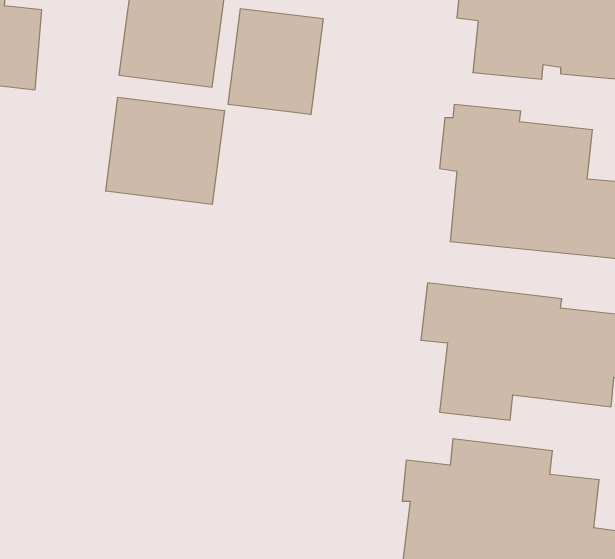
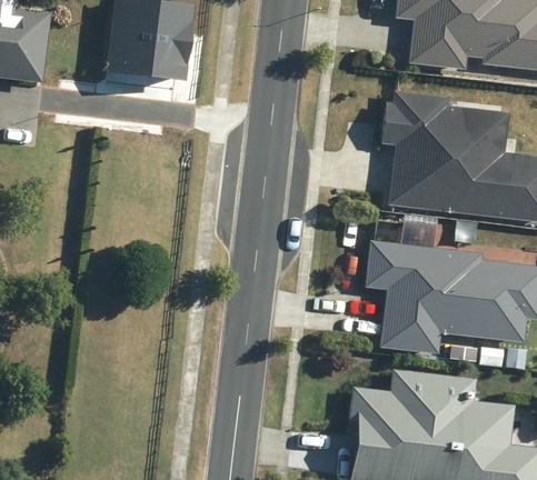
building: [228,9,323,115] -> none
building: [106,97,224,204] -> none

